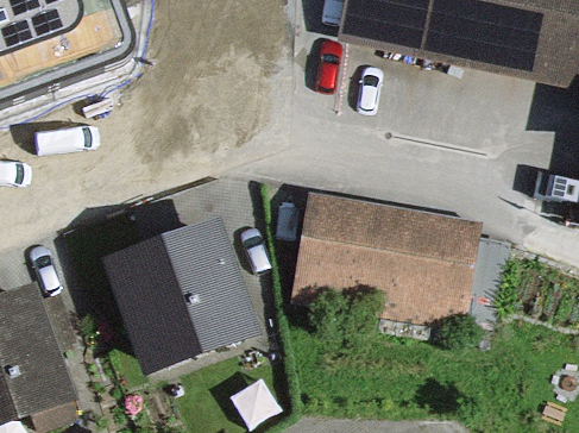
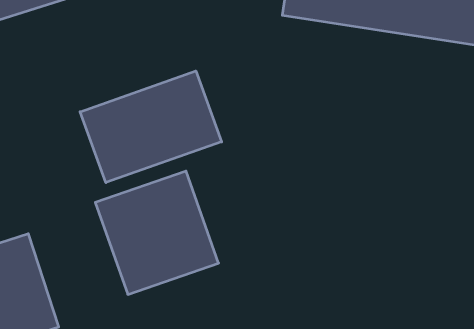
building: none -> [80,71,222,183]
building: [292,200,472,314] -> none

